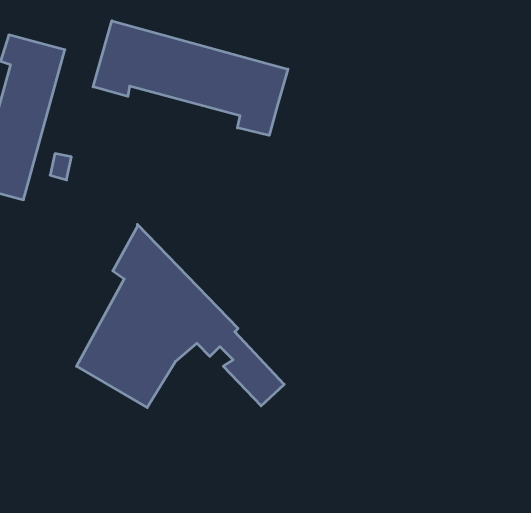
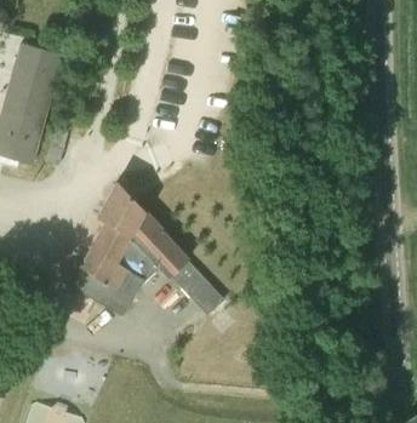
building: [93,21,288,135] -> none

